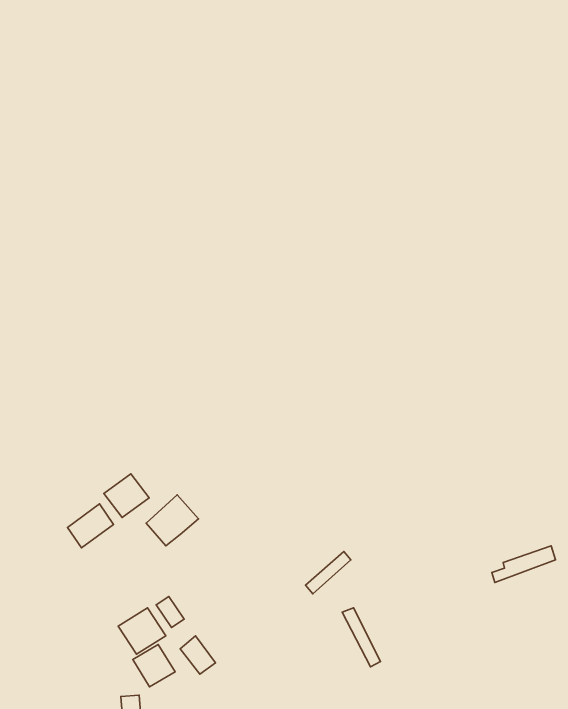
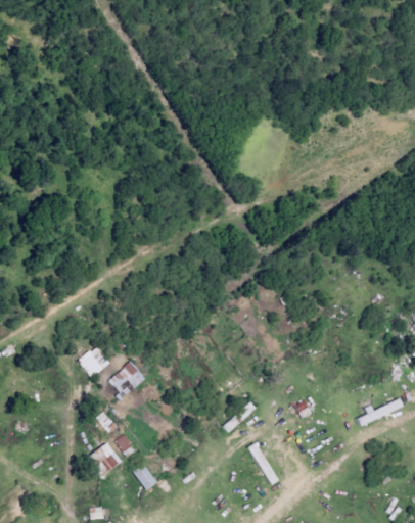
building: [67,504,114,548] -> none
building: [133,644,175,687] -> none

